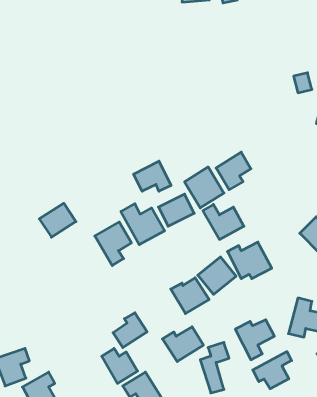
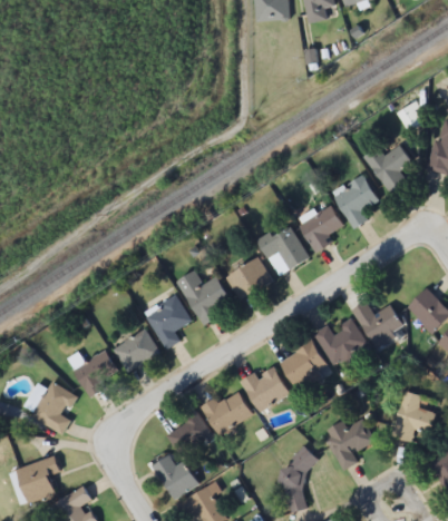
building: none -> [362,145,411,195]
building: none -> [333,177,378,229]
building: [134,161,171,191] -> none
building: [39,203,76,237] -> [113,330,159,373]
building: [203,204,244,239] -> [352,302,405,346]
building: none -> [74,351,118,399]
building: none -> [29,381,75,435]
building: [162,327,203,362] -> [201,392,253,436]
building: [253,352,292,389] -> none

